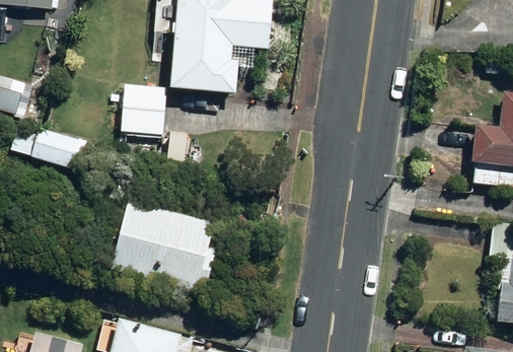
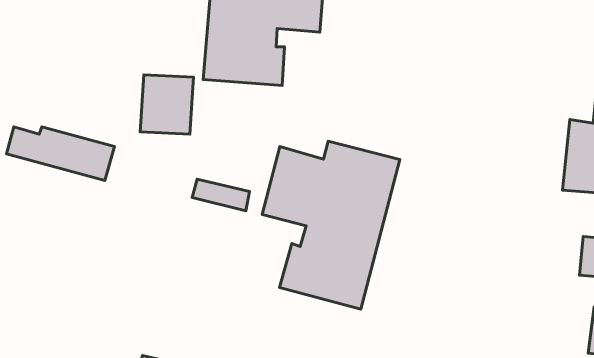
building: none -> [262,141,400,309]
building: [113,202,217,294] -> none

